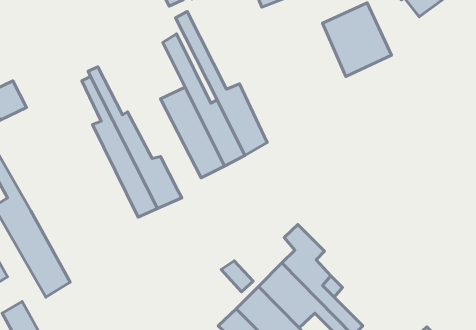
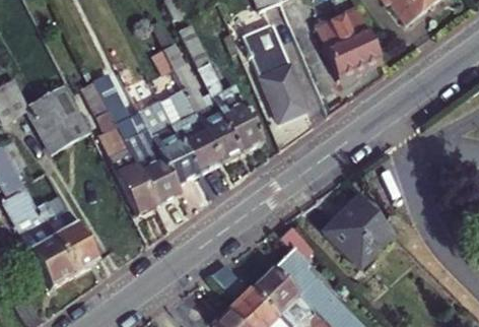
building: none -> [241,26,304,124]
building: none -> [31,90,89,151]
building: none -> [137,102,198,189]
building: none -> [326,191,399,264]
building: none -> [36,196,96,276]

